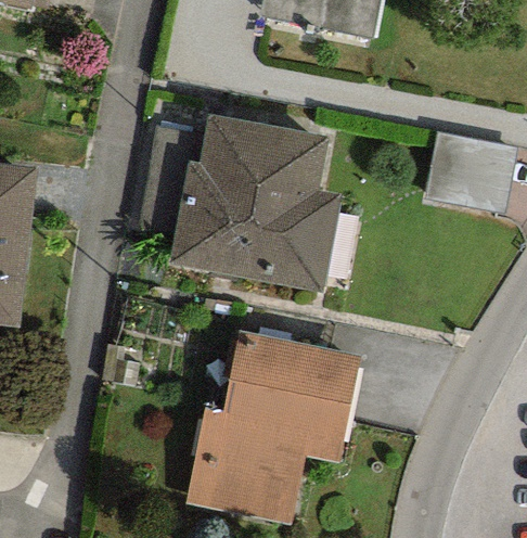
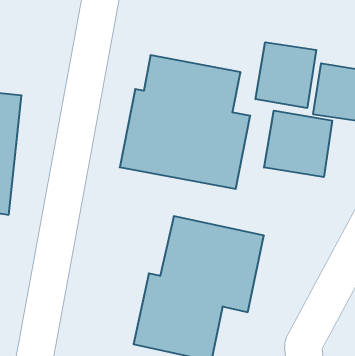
building: none -> [256,42,316,108]
building: none -> [264,111,332,177]

